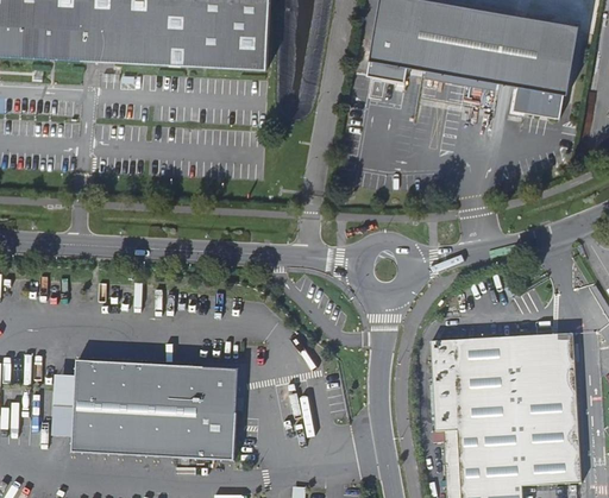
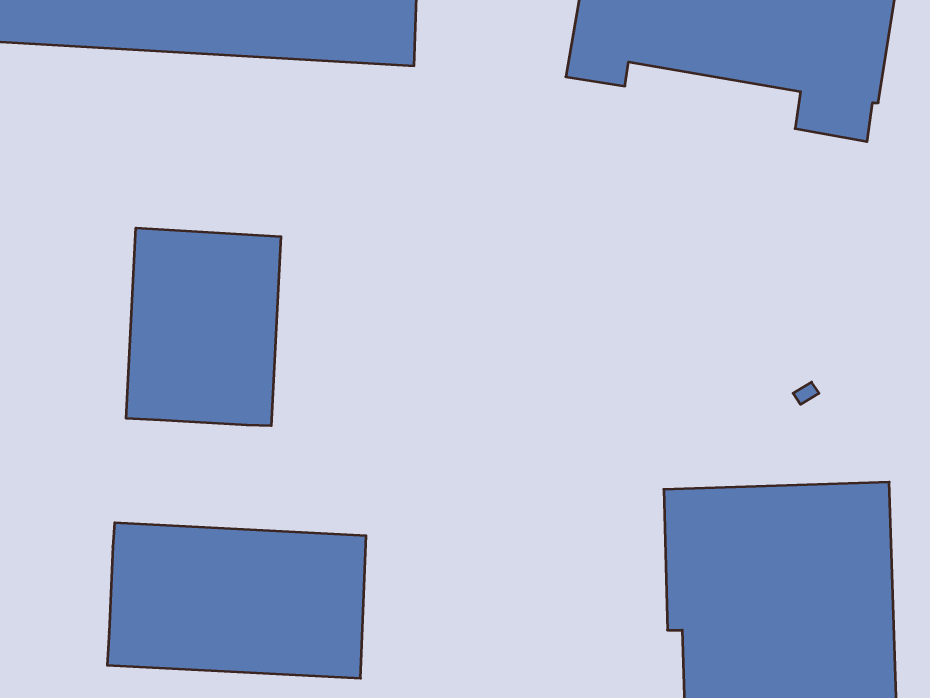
building: none -> [126,228,281,426]
building: [52,376,75,431] -> none

